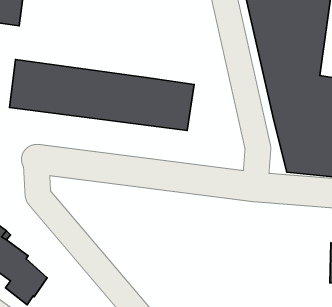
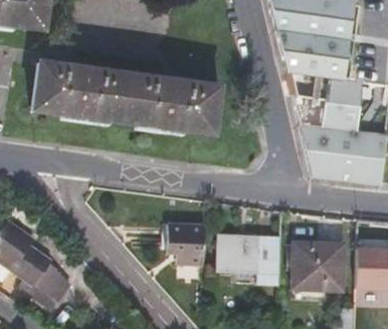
building: none -> [166,223,205,265]
building: none -> [216,234,280,285]
building: none -> [292,243,343,290]

